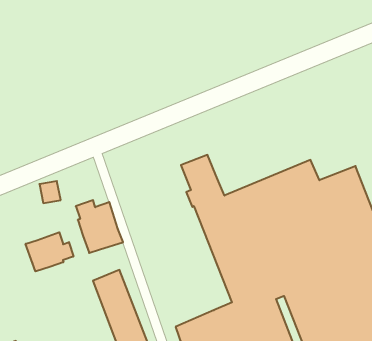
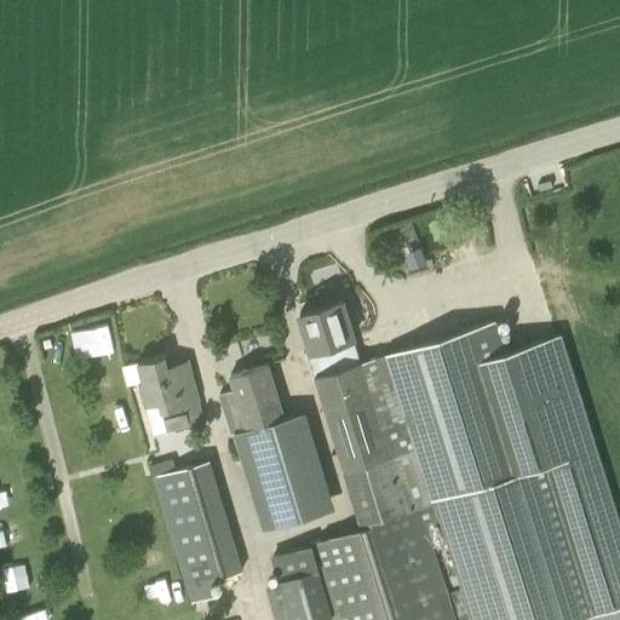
building: none -> [230,367,322,533]
building: [26,232,73,271] -> none

